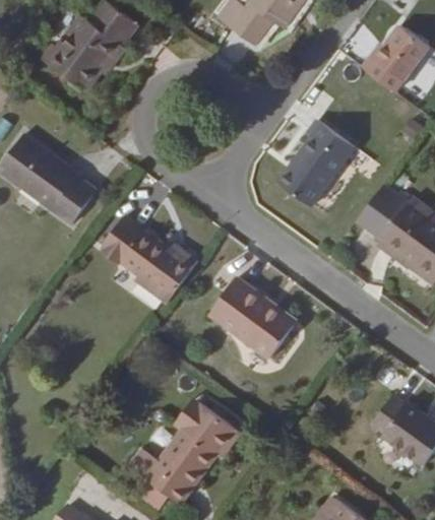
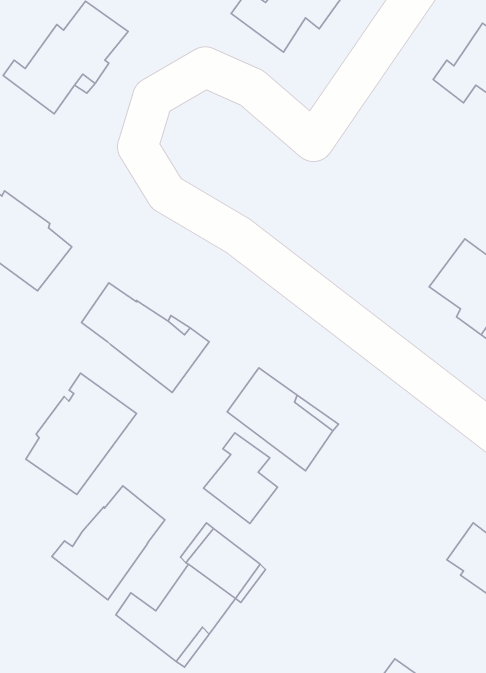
building: [278,120,357,206] -> none
building: none -> [26,373,137,495]
building: none -> [203,433,278,524]
building: none -> [52,486,165,600]

